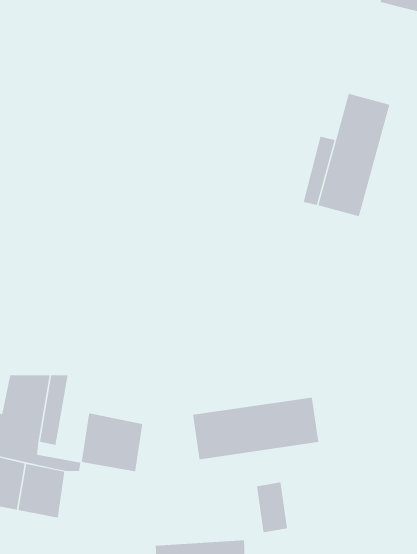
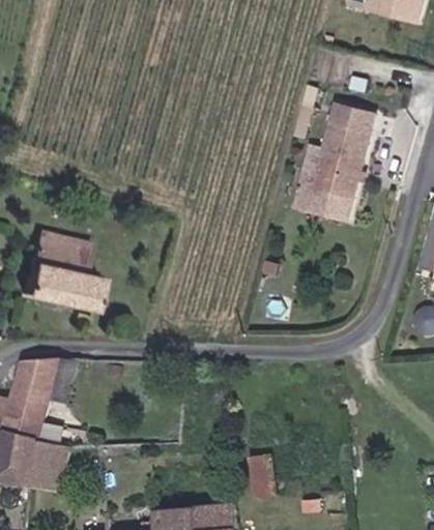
building: none -> [24,229,97,308]
building: [192,397,319,460] -> none
building: [81,413,143,472] -> none

